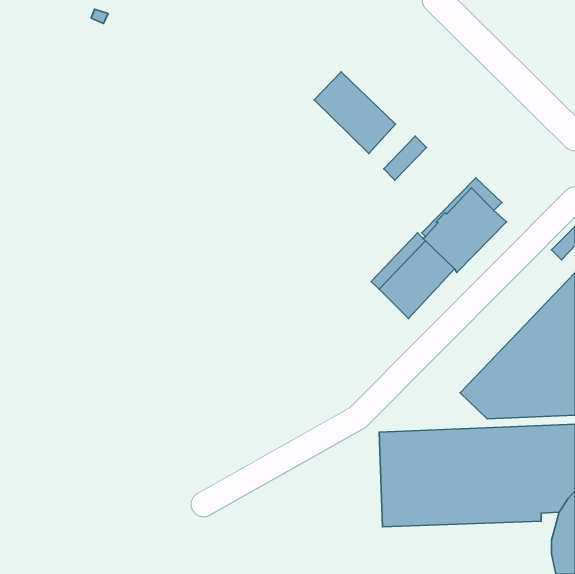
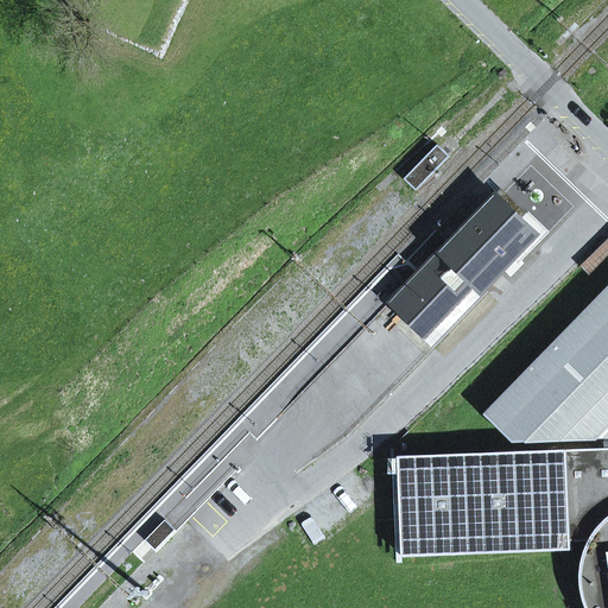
building: [314,72,395,153] -> none

